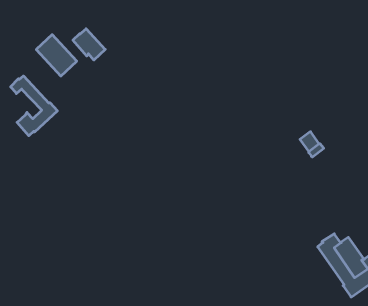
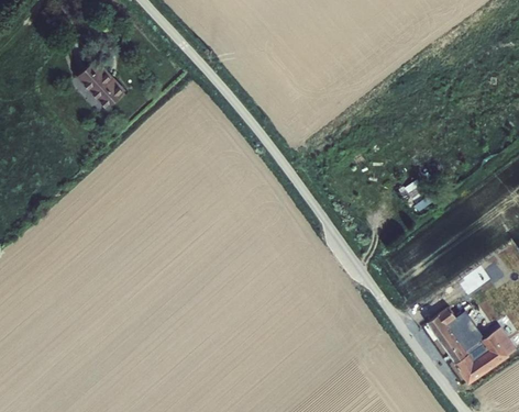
building: [73,29,105,60] -> none
building: [11,76,57,136] -> none

